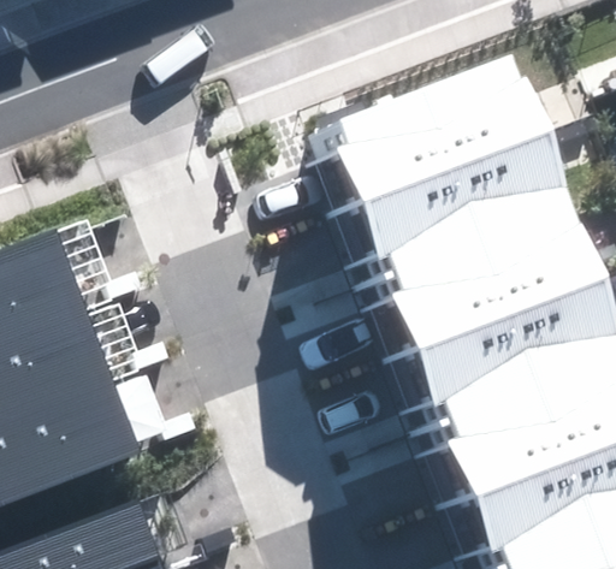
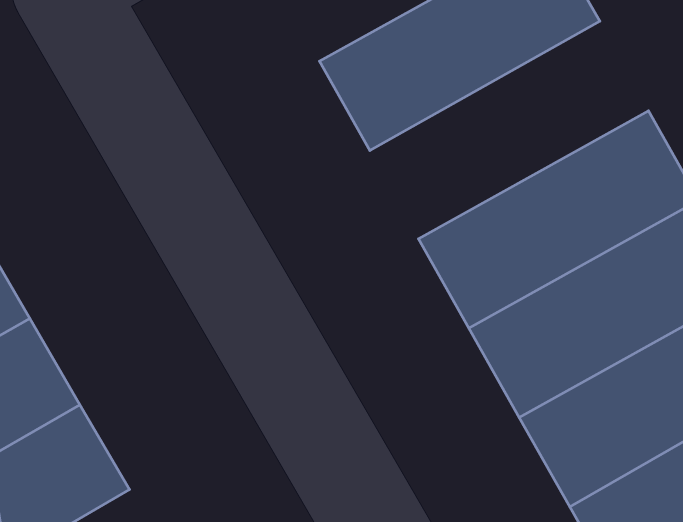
building: [353,152,574,297] -> none

